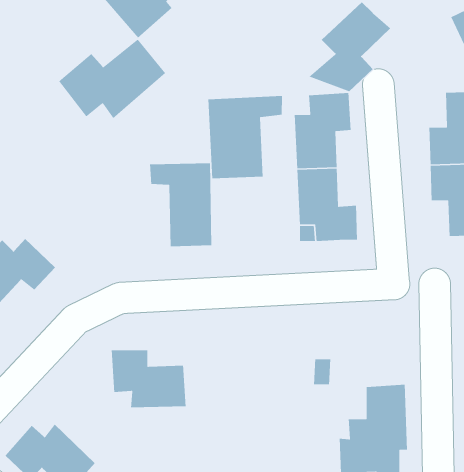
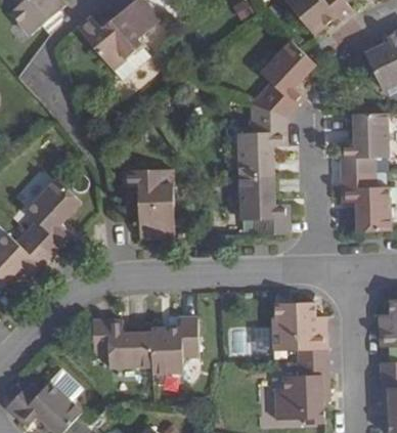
building: [58,39,166,119] -> none
building: [207,95,283,179] -> none
building: none -> [23,180,78,255]
building: none -> [269,301,326,351]
building: none -> [149,317,197,373]

